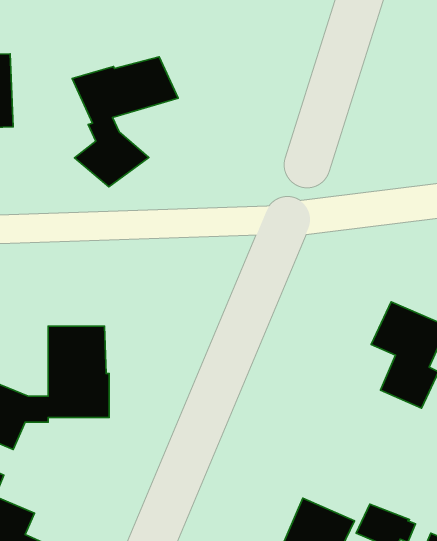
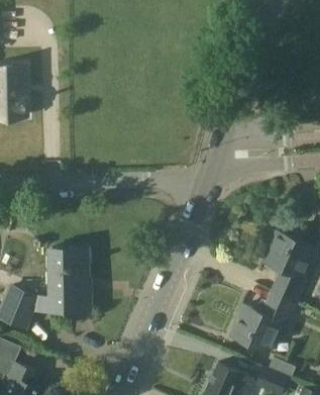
building: [72,57,178,187] -> none
building: none -> [230,291,296,351]

